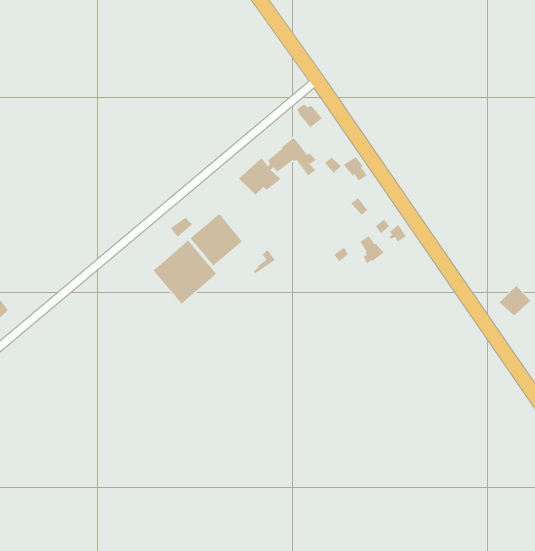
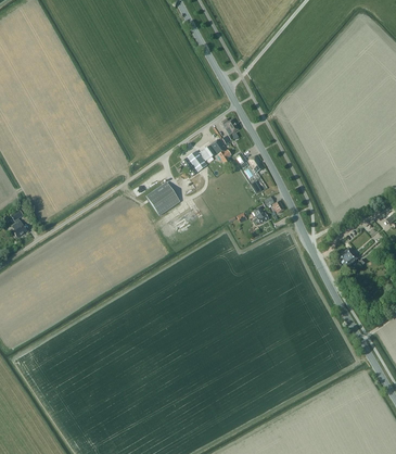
building: [152,239,217,305] -> none

